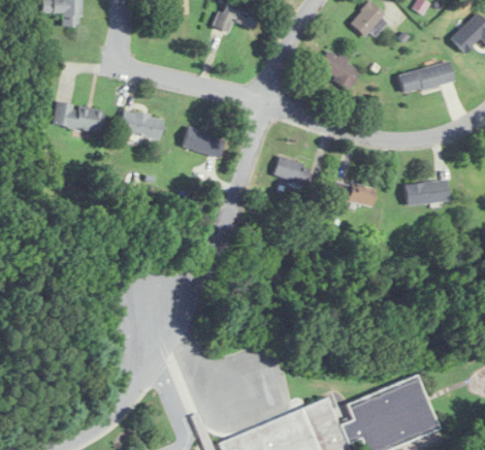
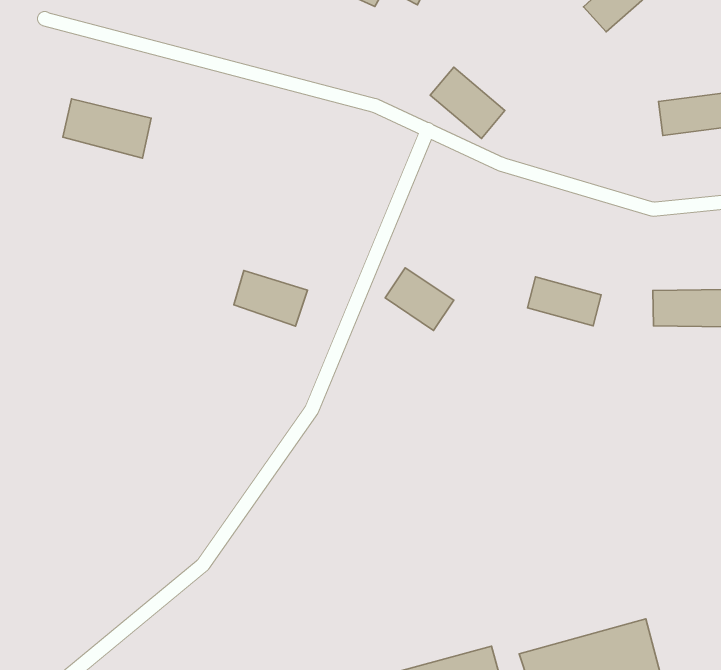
building: [318,49,362,89] -> [430,67,505,139]
building: [121,109,164,139] -> none
building: [184,127,226,157] -> [234,270,308,326]
building: [272,154,313,189] -> [385,268,454,330]

